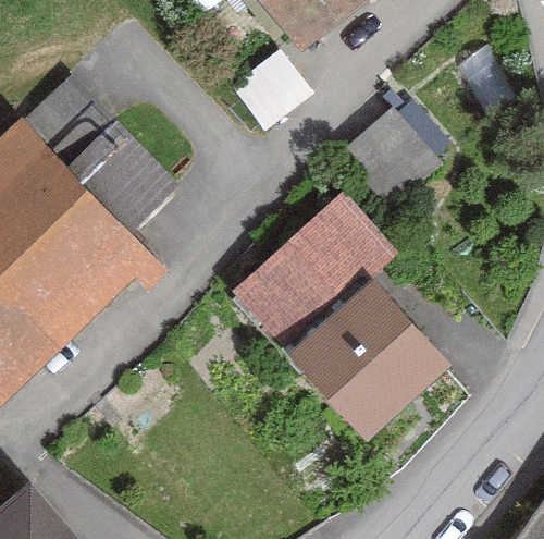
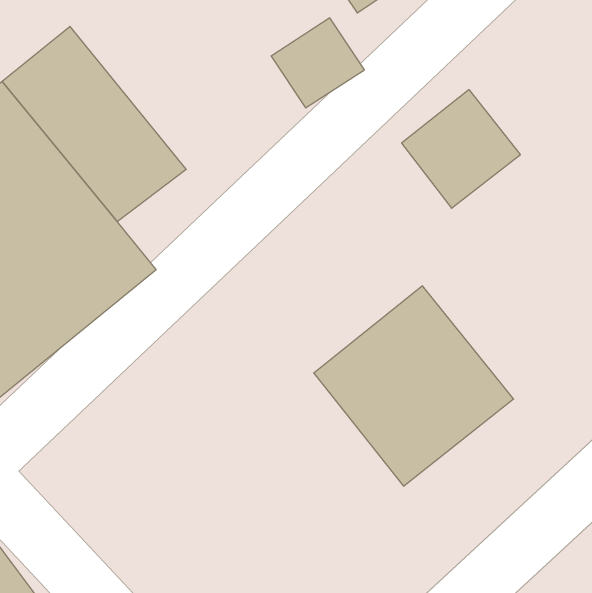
building: [227,189,388,344] -> none

